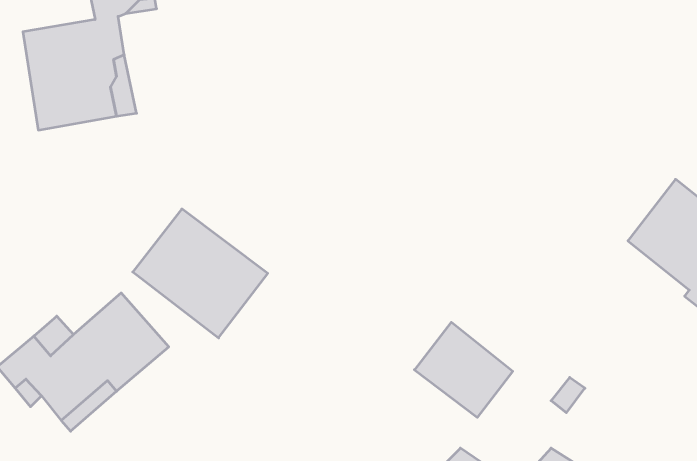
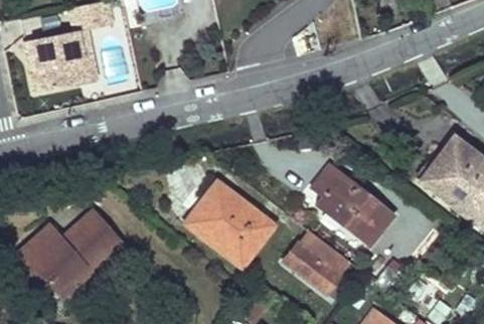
building: [133,209,268,338] -> [183,181,272,266]
building: none -> [312,164,390,241]

